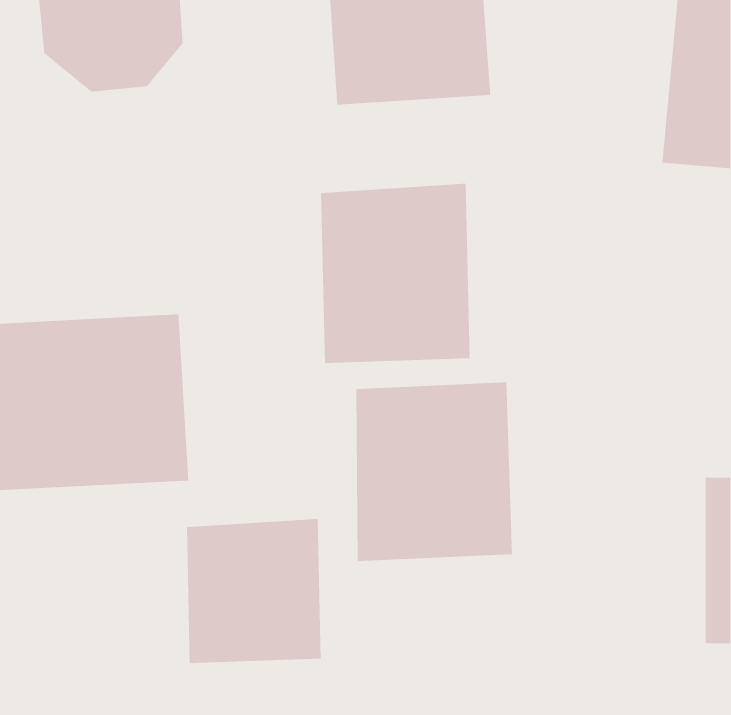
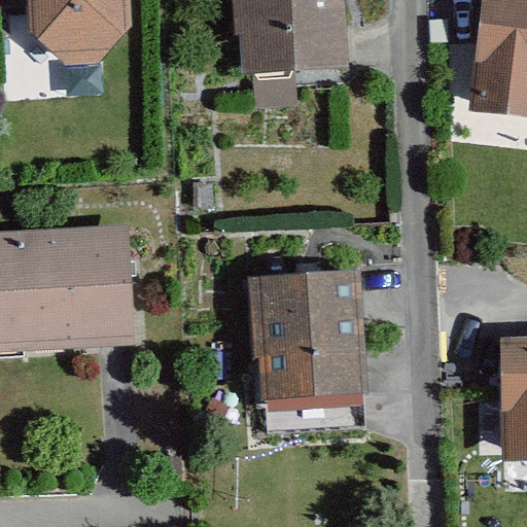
building: [320,183,471,364] -> none
building: [186,518,322,664] -> none

